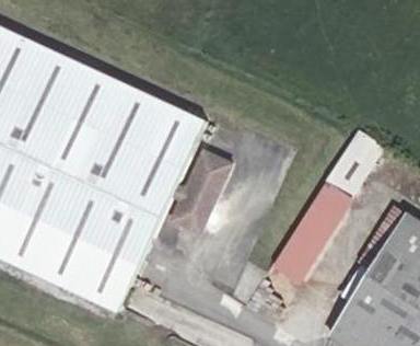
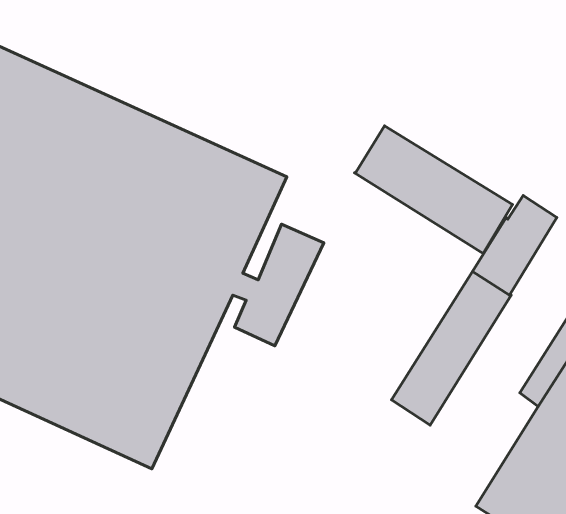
building: none -> [354,126,512,253]

